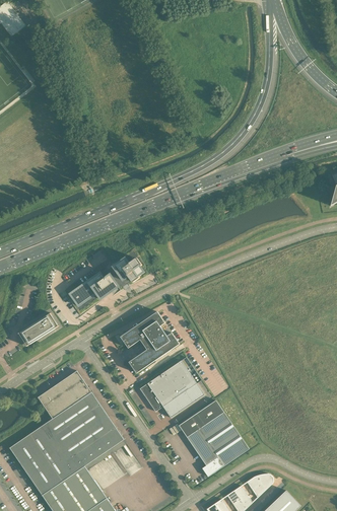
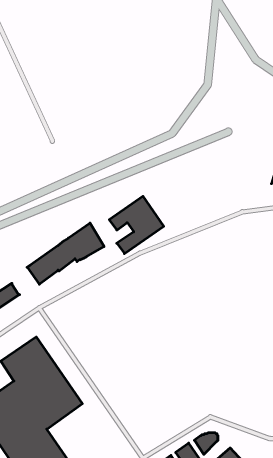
building: [119,311,178,373] -> [109,196,164,254]
building: [138,361,203,418] -> none
building: [178,400,248,477] -> none

